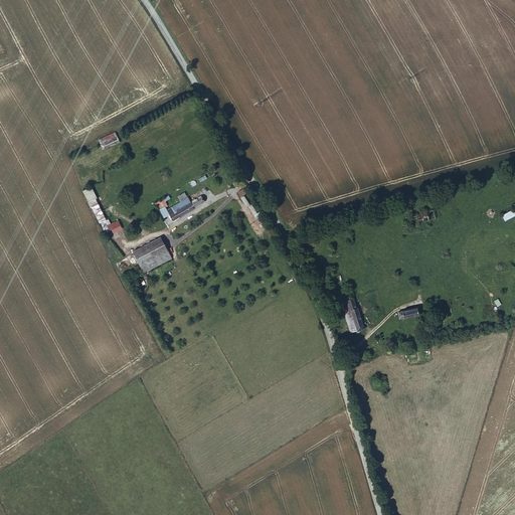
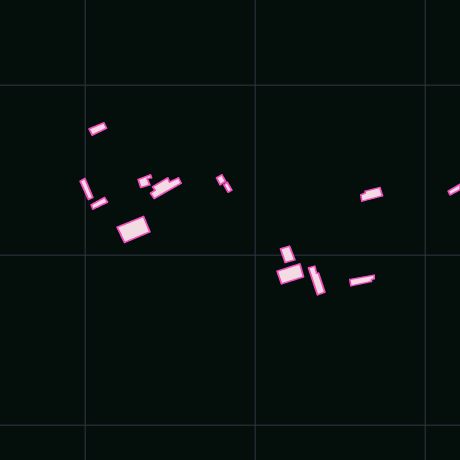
building: none -> [277,264,303,284]

